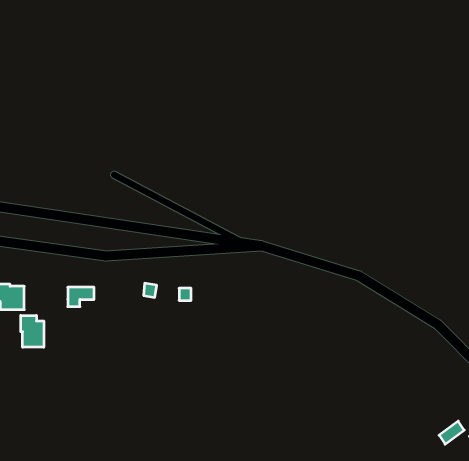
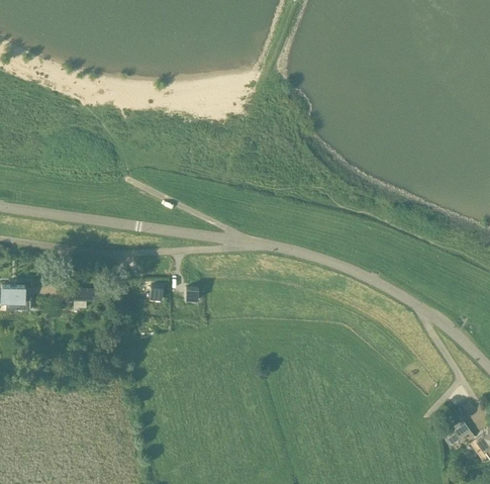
building: [21,315,44,347] -> none

